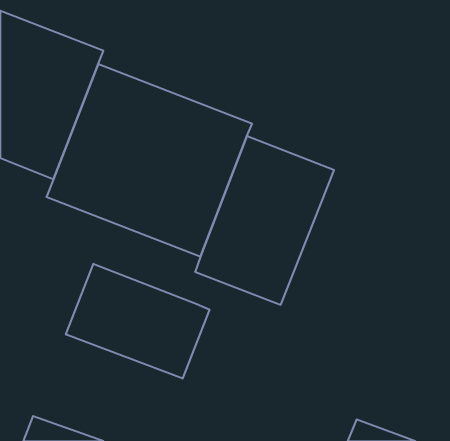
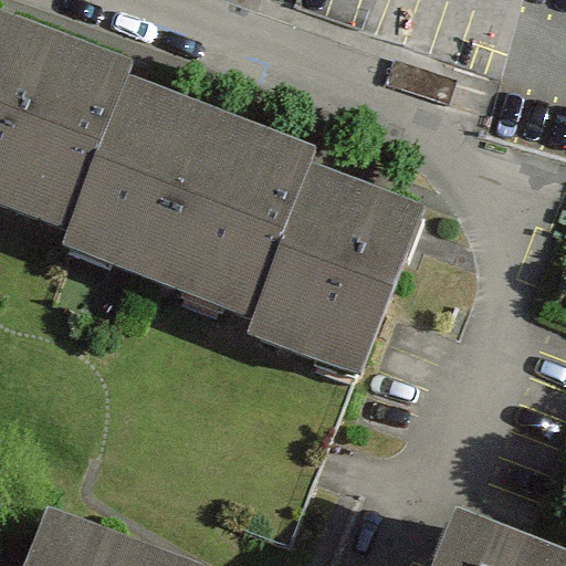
building: [66,264,209,379] -> none

